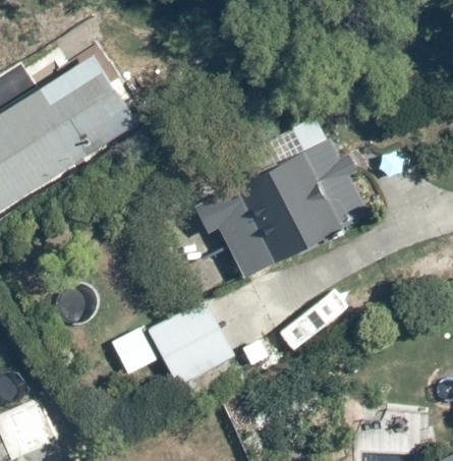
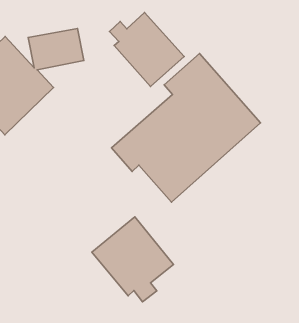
building: none -> [110,13,184,86]

